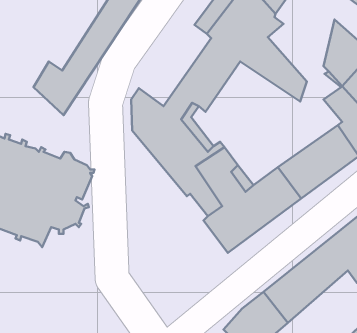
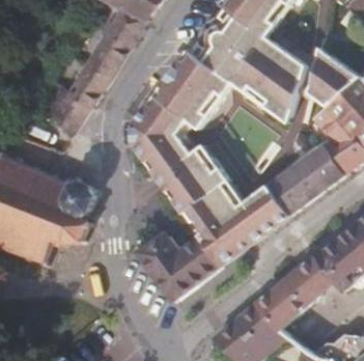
building: none -> [140,49,207,128]
building: none -> [260,51,306,105]
building: none -> [135,233,223,301]

